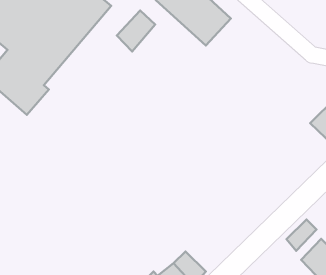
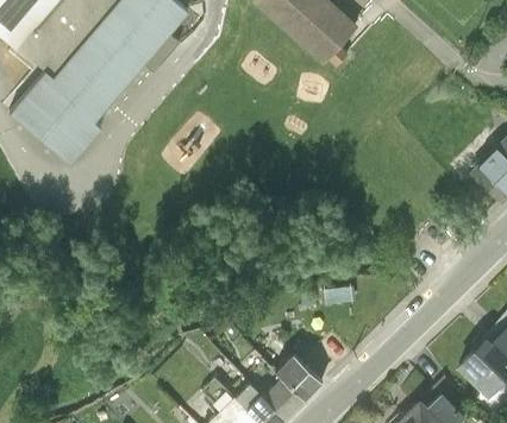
building: [117,10,155,52] -> none
building: [286,219,317,251] -> none

